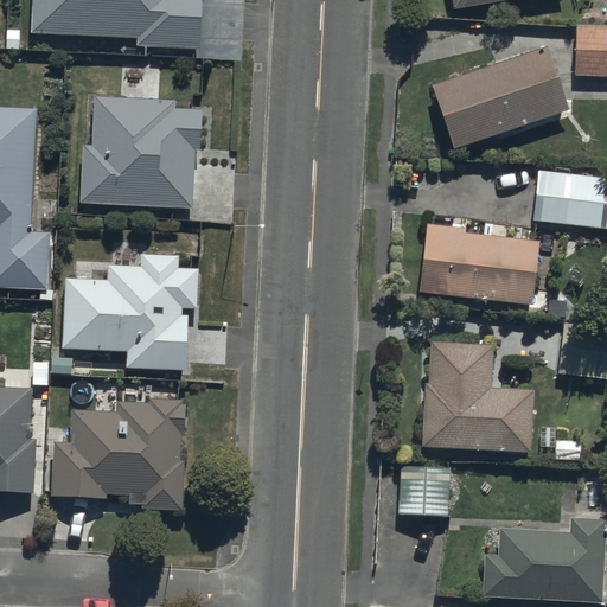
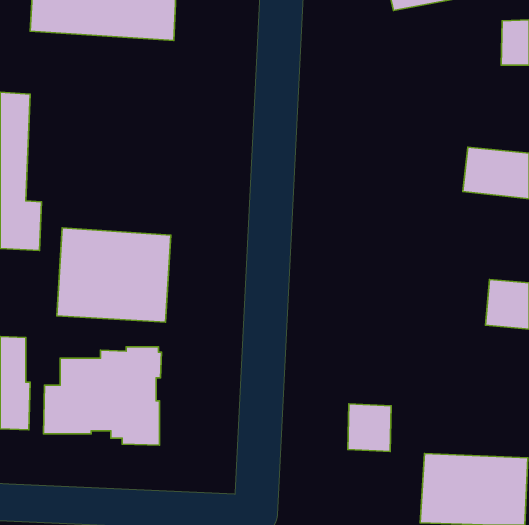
building: [435,45,575,151] -> none
building: [83,95,202,211] -> none
building: [417,223,539,305] -> none
building: [422,341,537,452] -> none

